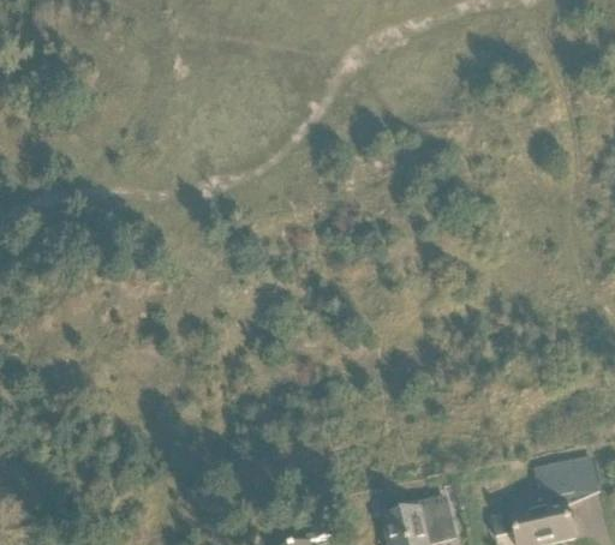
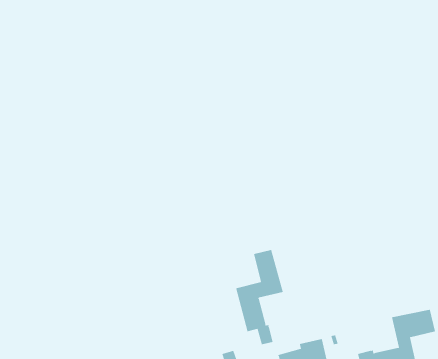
building: none -> [235,249,283,345]

